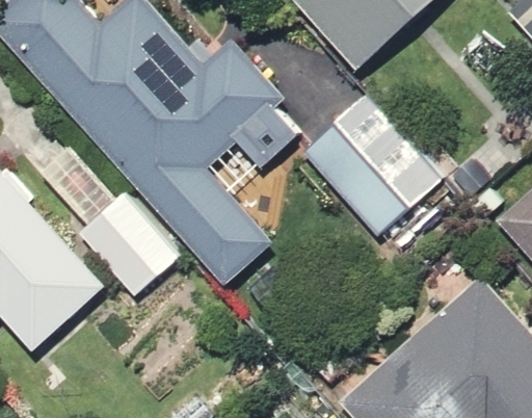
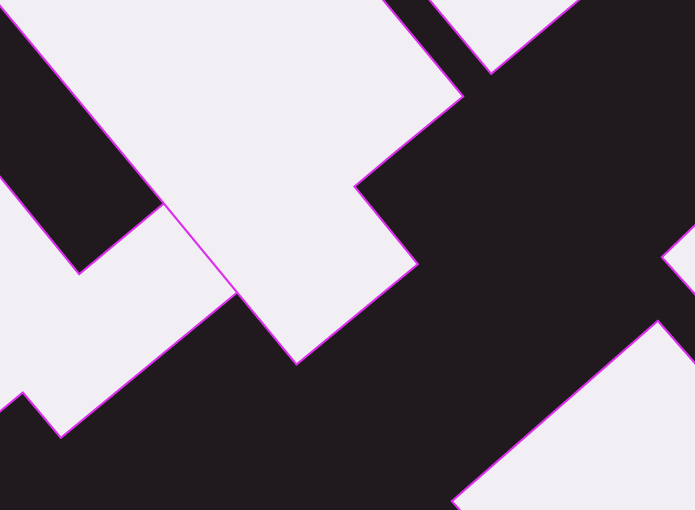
building: [295,89,452,253] -> none

